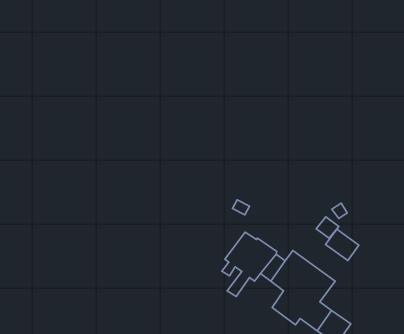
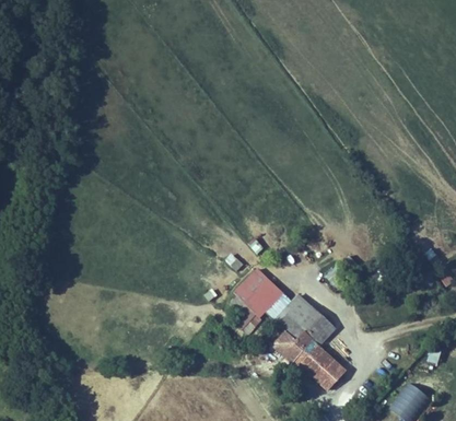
building: [326,229,359,260] -> none

